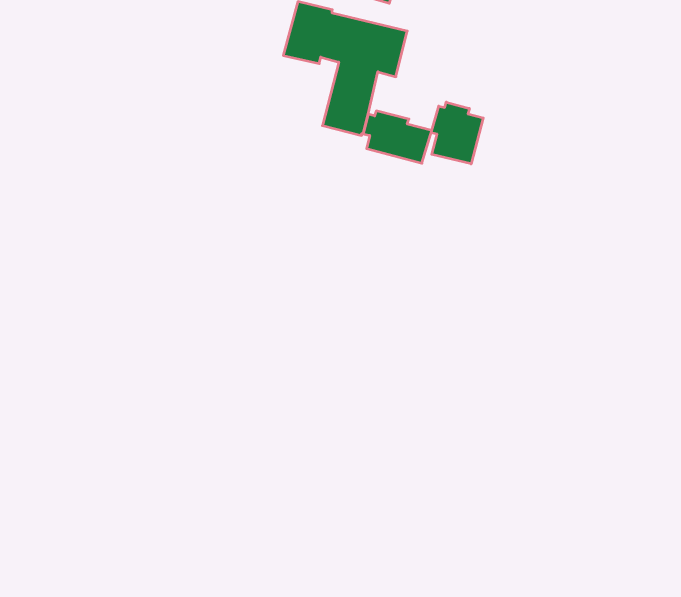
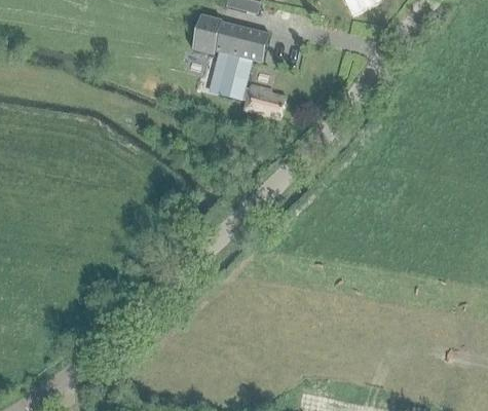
building: [431,102,483,164] -> none

